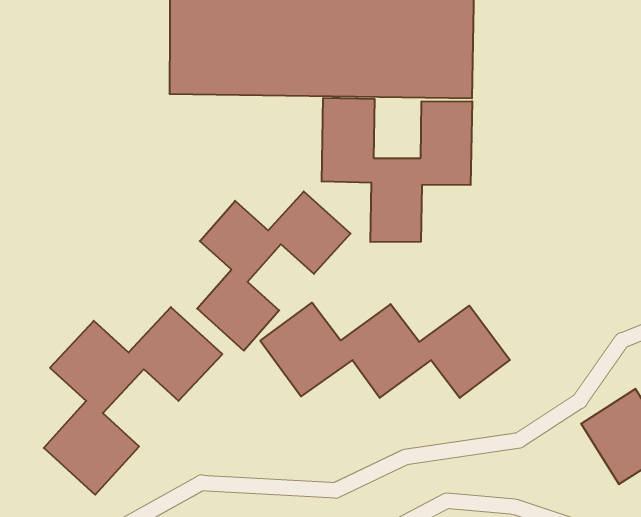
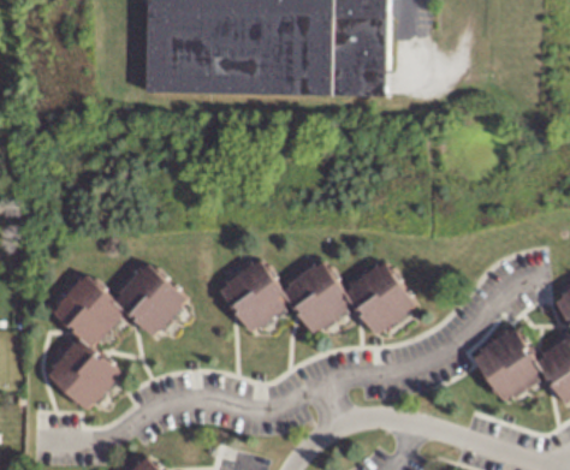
building: [322,98,472,242] -> none
building: [197,191,351,351] -> none

